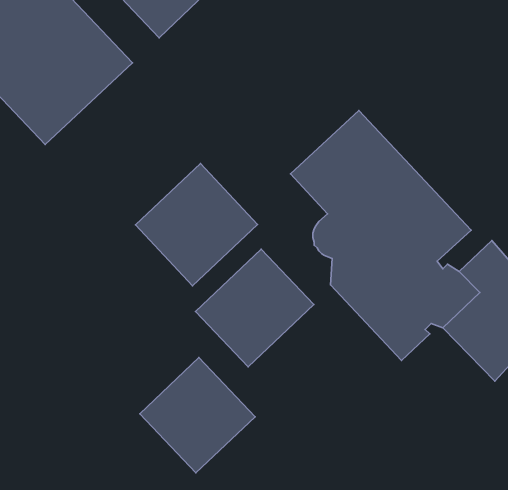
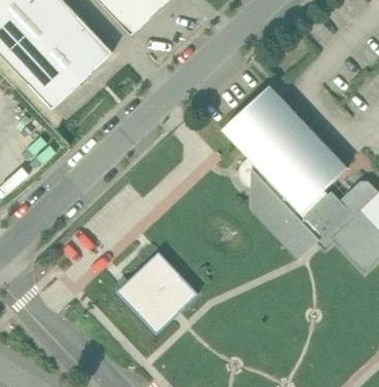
building: [135,164,258,286] -> none
building: [196,249,314,367] -> none

